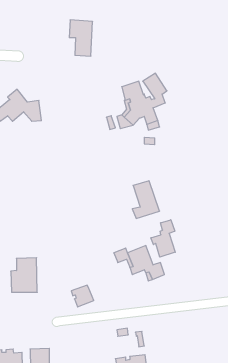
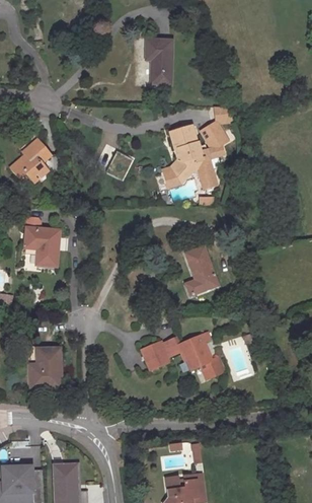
building: [69,20,93,56] -> [146,39,175,84]
building: none -> [26,228,62,266]
building: [151,220,175,257] -> none
building: [71,285,94,307] -> [139,340,167,367]

